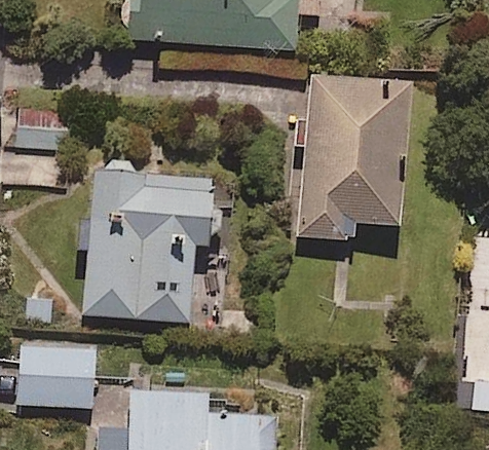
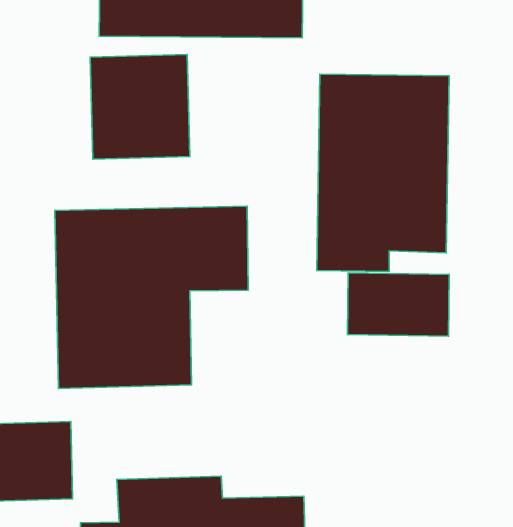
building: none -> [90,54,190,159]
building: none -> [348,273,449,336]

